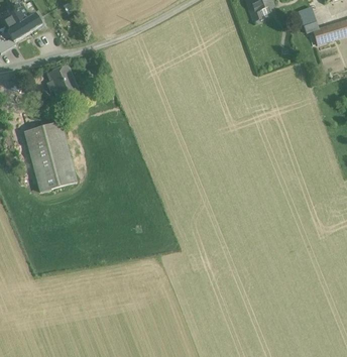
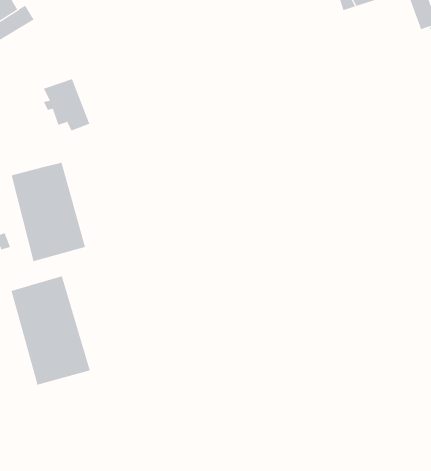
building: none -> [11,275,90,385]

